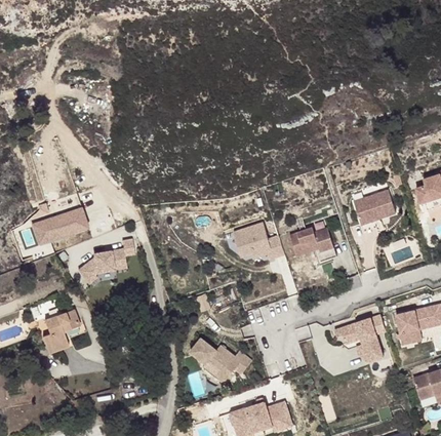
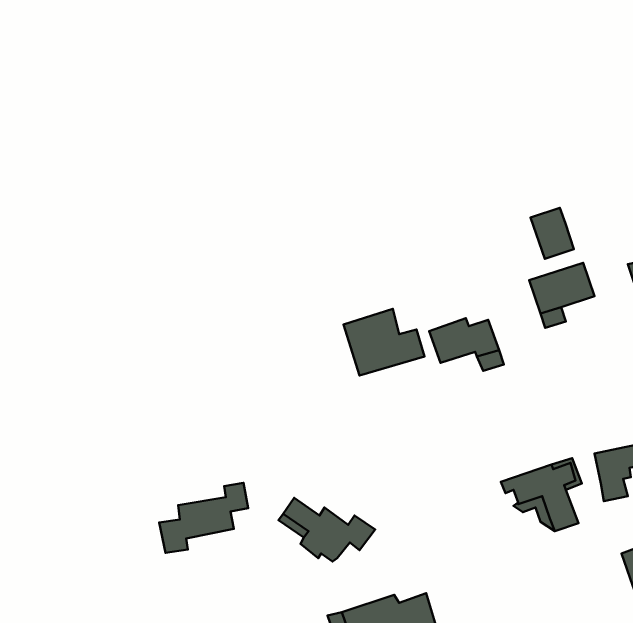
building: none -> [531,208,574,259]
building: [31,203,90,244] -> none
building: [80,236,137,281] -> [159,483,248,553]
building: [44,310,83,353] -> none

